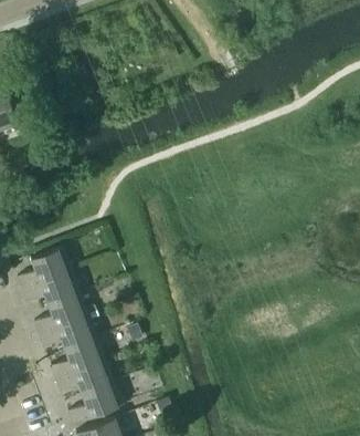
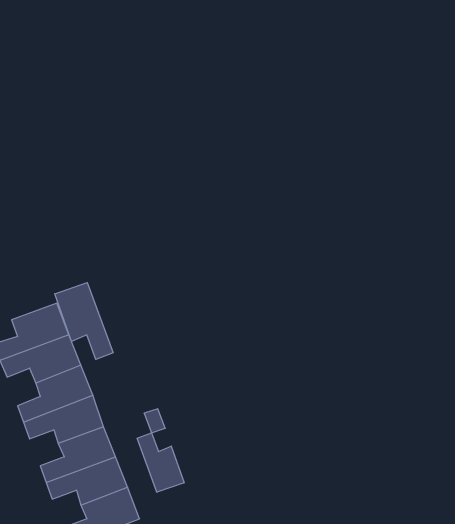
building: none -> [55,283,113,359]
building: none -> [137,433,184,492]

